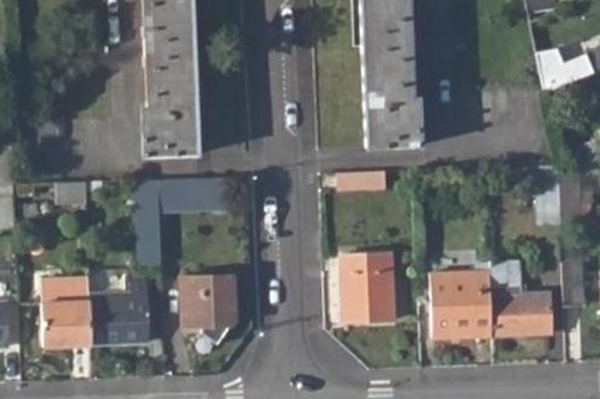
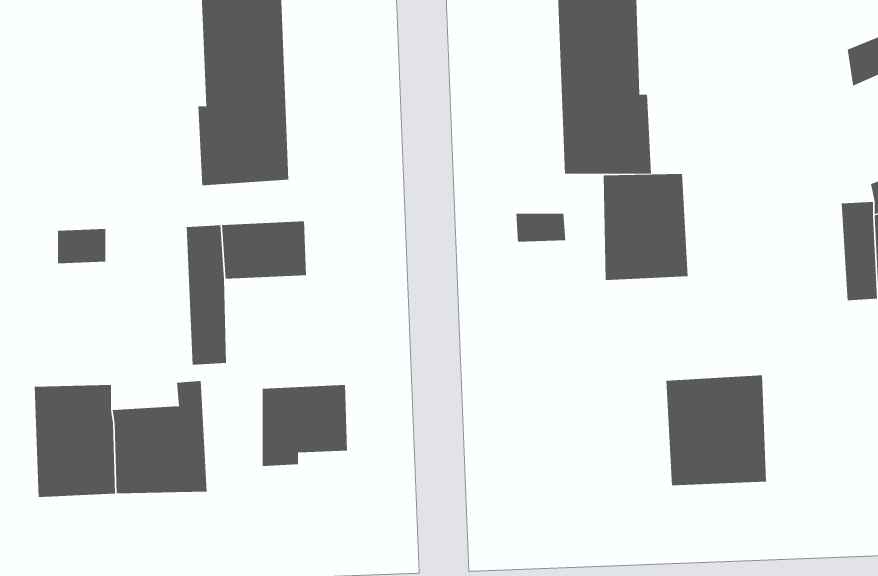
building: [342,255,395,321] -> [603,173,689,281]
building: [490,261,552,337] -> none

